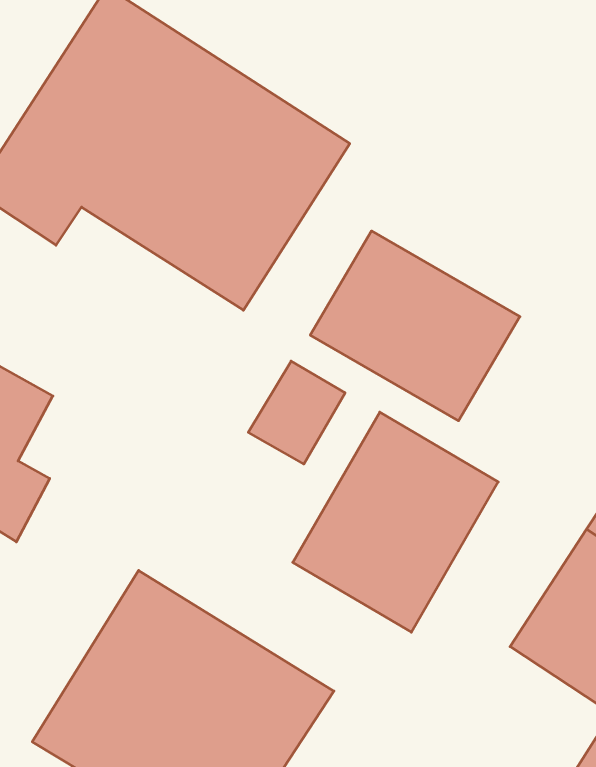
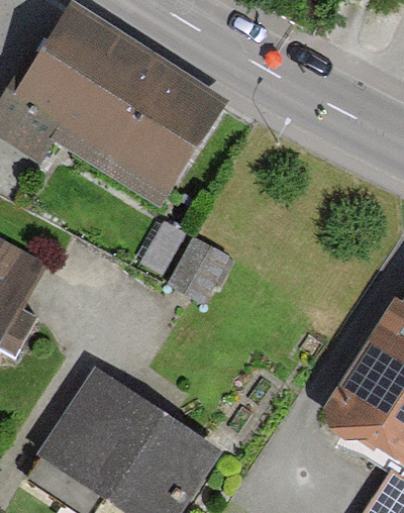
building: [310,231,520,421] -> none
building: [293,412,498,632] -> none

